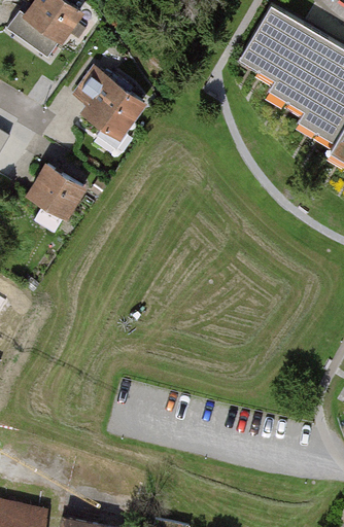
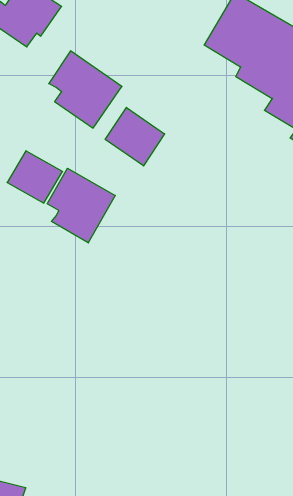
building: none -> [105,107,165,166]
building: none -> [47,168,115,243]

